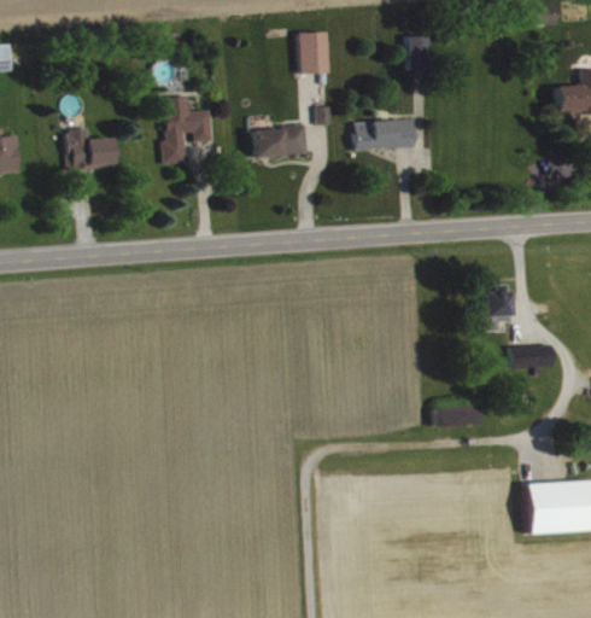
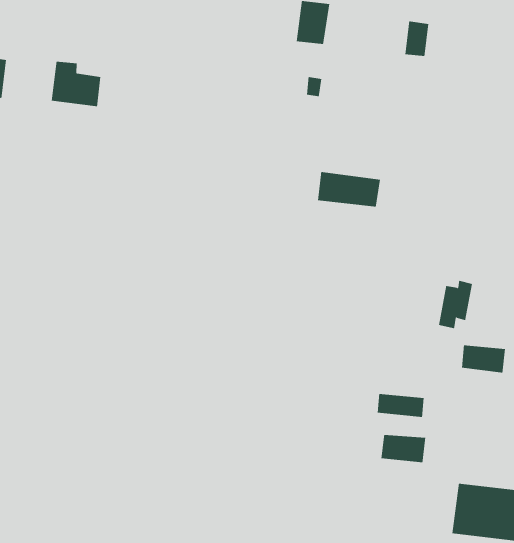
building: [162,95,212,164] -> none
building: [353,119,414,150] -> [317,171,381,207]
building: [252,127,306,156] -> none
building: none -> [381,434,426,463]

